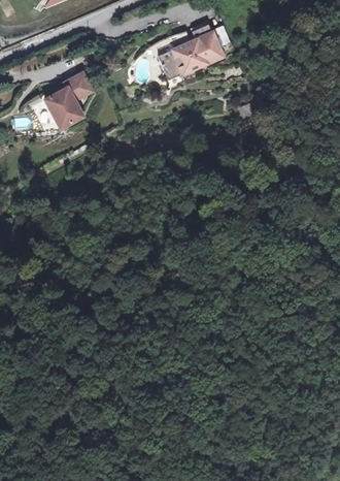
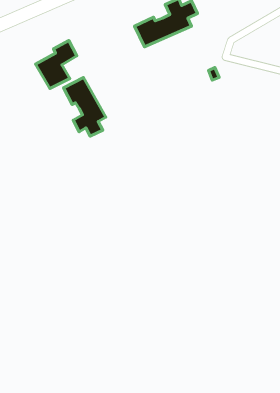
building: none -> [63,77,106,136]

